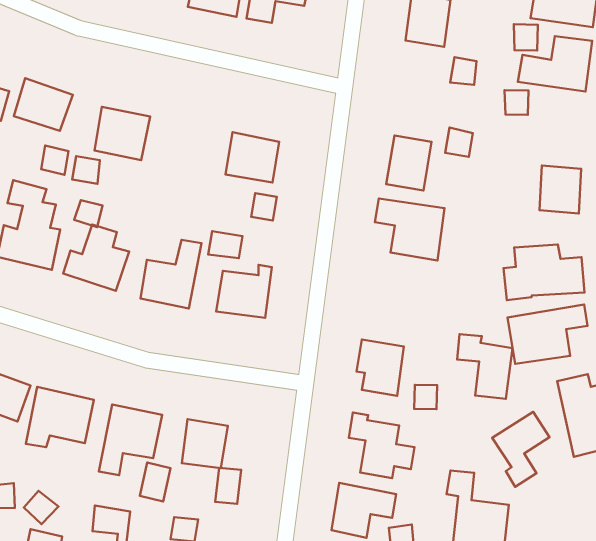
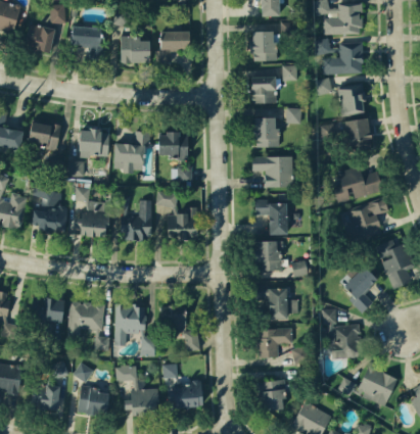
building: none -> [250,76,275,103]
building: none -> [336,83,365,115]
building: none -> [113,131,149,172]
building: [457,334,513,399] -> [253,199,287,235]

